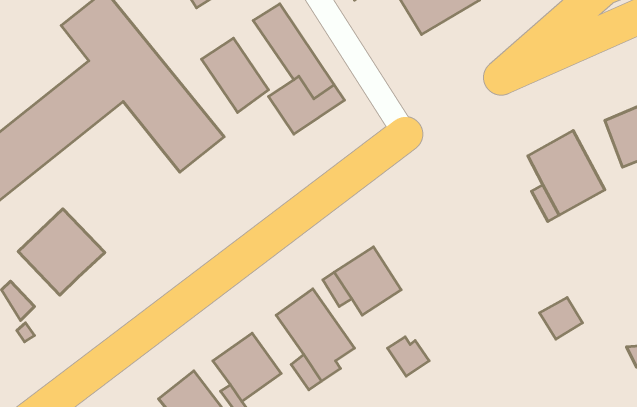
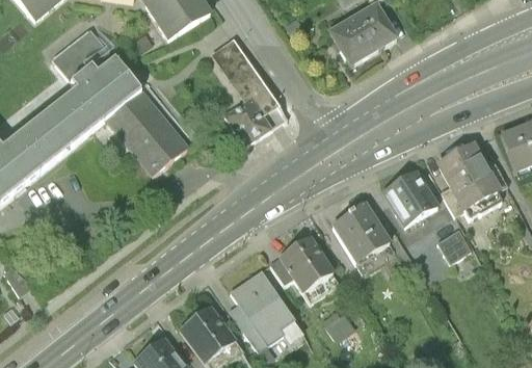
building: [202,38,269,112] -> none
building: none -> [384,170,438,225]
building: none -> [331,202,391,263]
building: [18,209,105,295] -> none
building: [539,298,582,339] -> [437,228,473,262]

